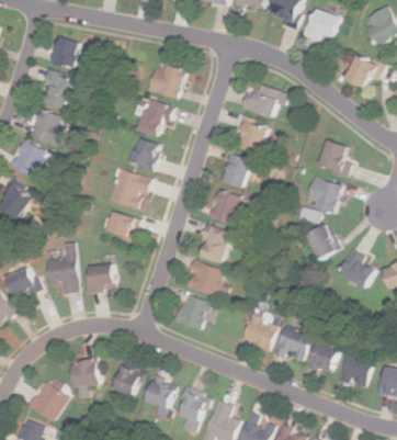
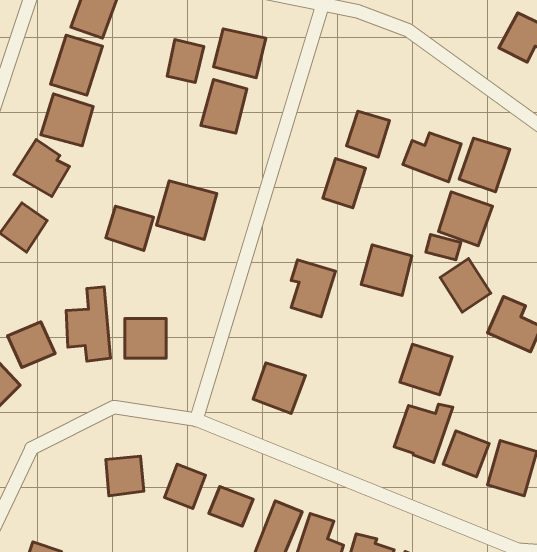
building: none -> [167,40,204,82]
building: [241,83,282,117] -> [403,133,461,182]
building: [132,137,161,171] -> none
building: [209,191,245,226] -> [361,245,412,295]
building: [106,211,139,241] -> [106,206,153,250]
building: [185,261,223,296] -> none
building: [241,315,277,350] -> [400,344,452,395]
building: [29,382,67,420] -> none

